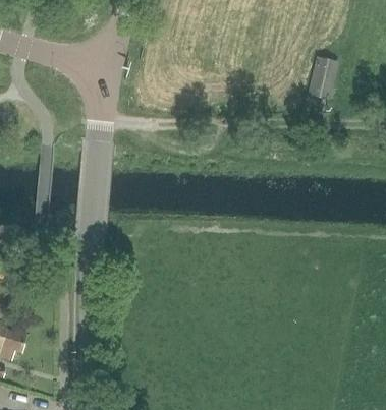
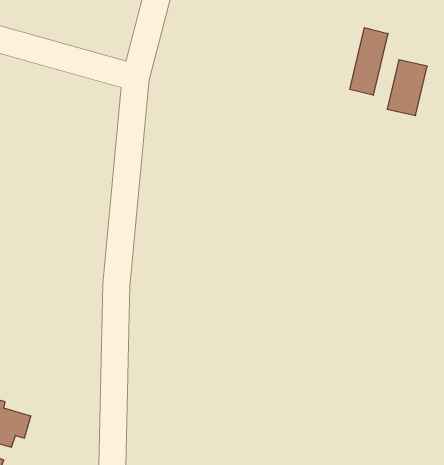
building: none -> [350,28,388,95]

